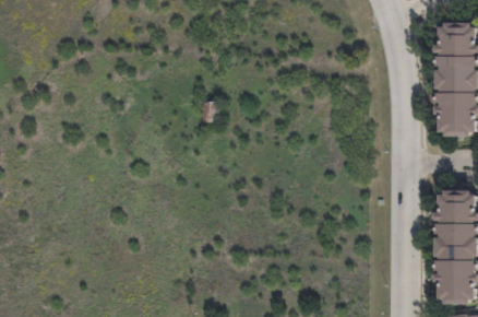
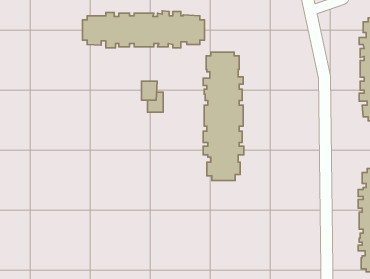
building: none -> [83,11,204,48]
building: none -> [203,52,244,181]

